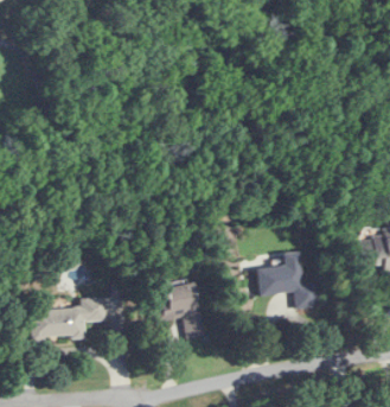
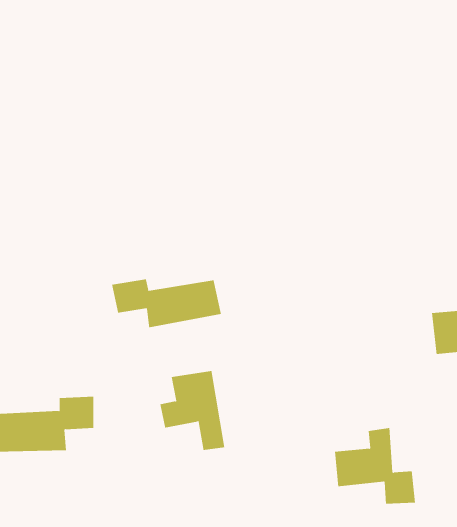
building: none -> [111,278,221,328]
building: [258,250,319,307] -> [334,428,416,504]

